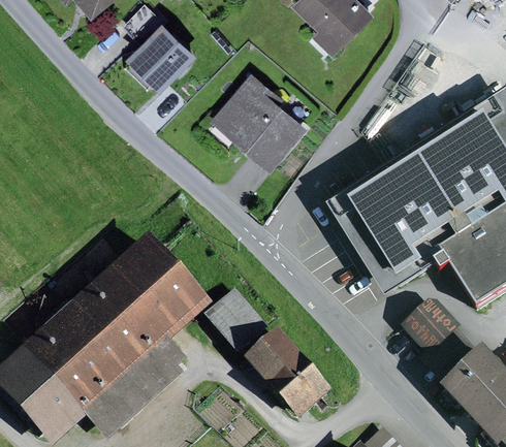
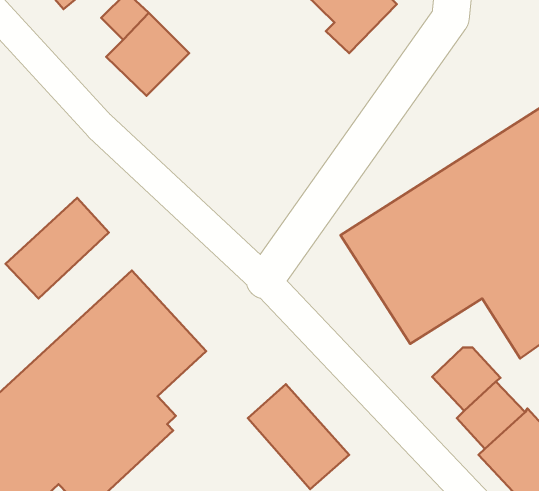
building: [210,67,307,167] -> none
building: none -> [6,198,109,299]
building: [204,287,271,353] -> none

